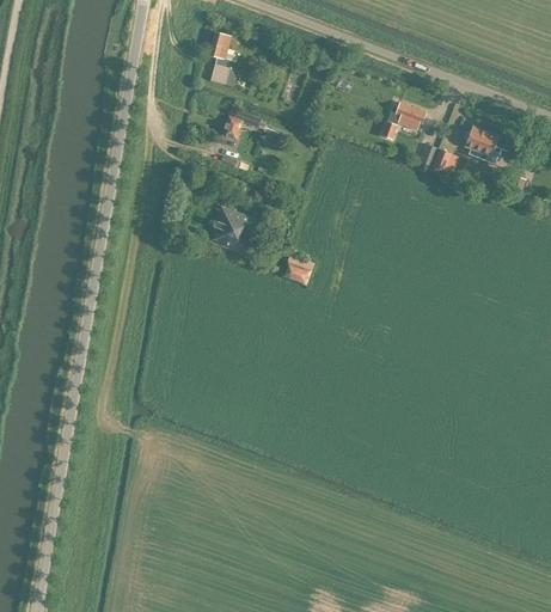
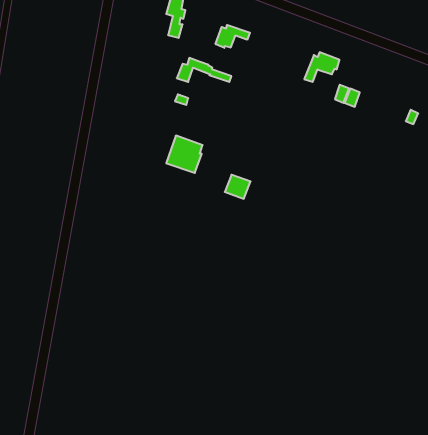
building: none -> [216,25,250,48]
building: [464,124,501,163] -> none

